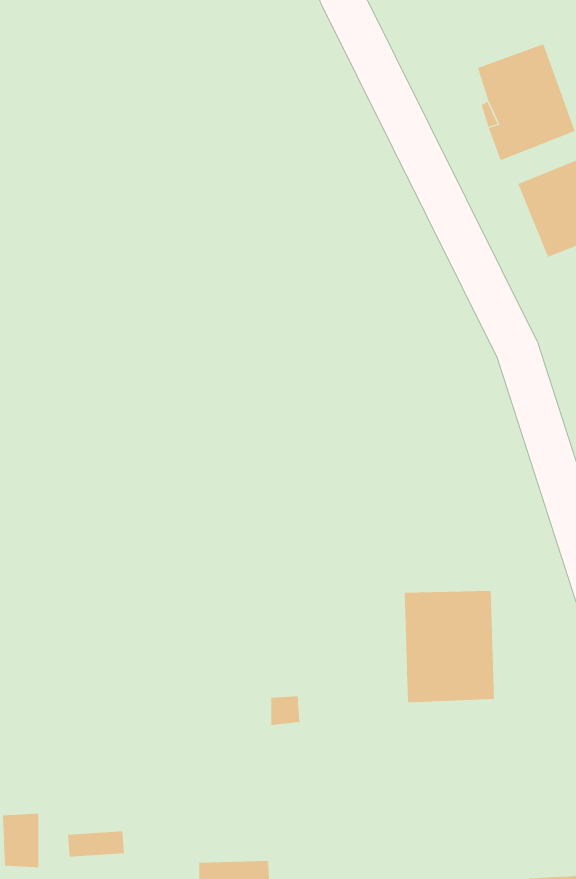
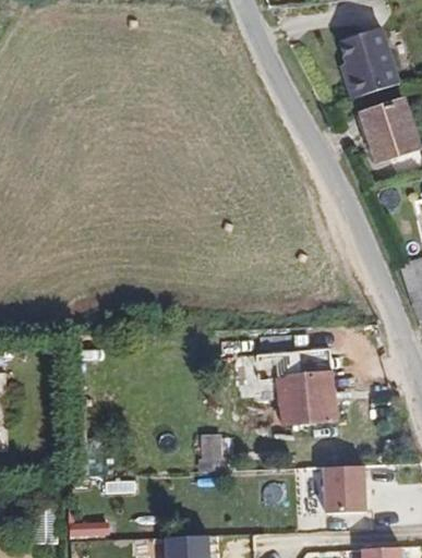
building: none -> [326,463,371,512]

